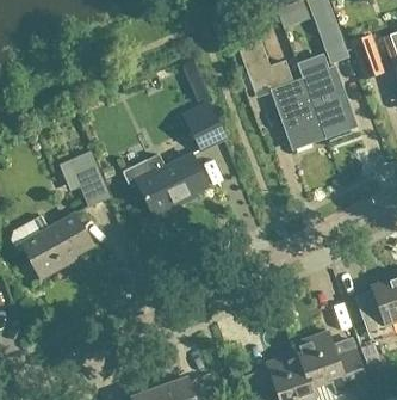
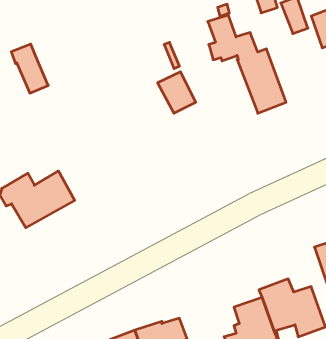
building: [298,56,356,137] -> none
building: [69,152,110,205] -> [11,44,48,93]
building: [123,154,209,214] -> none

